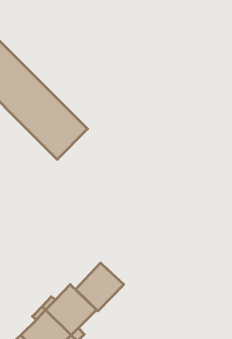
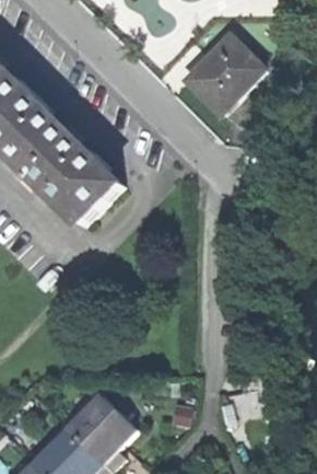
building: none -> [186,36,262,113]
building: [75,263,124,311] -> none

